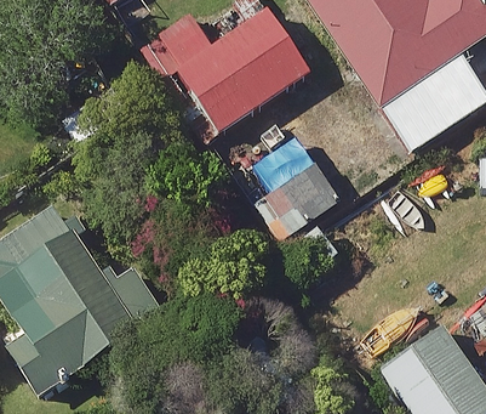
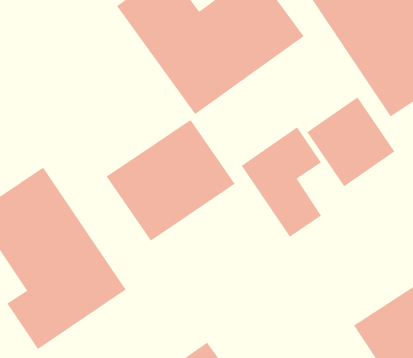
building: none -> [307,96,395,187]
building: none -> [106,119,235,242]

